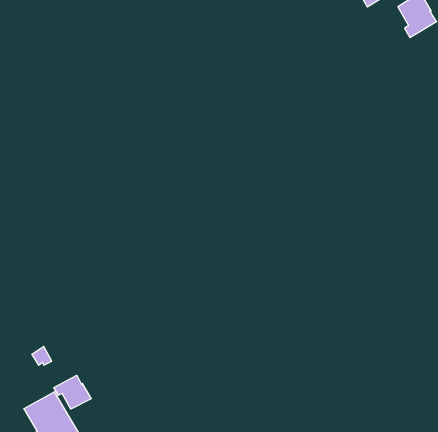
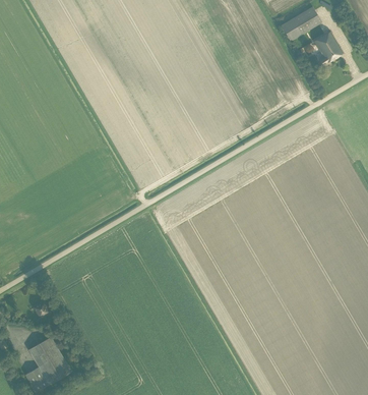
building: [54,375,91,409] -> none

